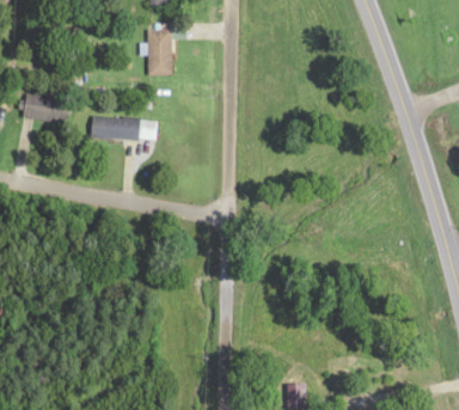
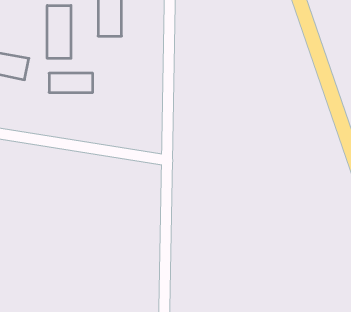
building: none -> [47,5,71,58]

